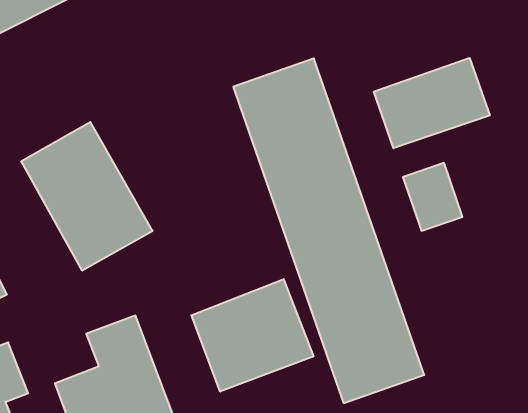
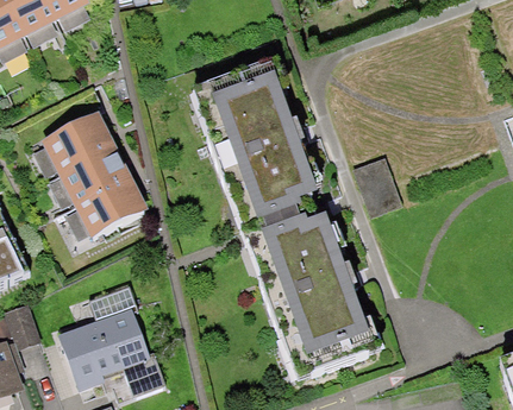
building: [374,58,490,148] -> none
building: [191,279,313,392] -> none

